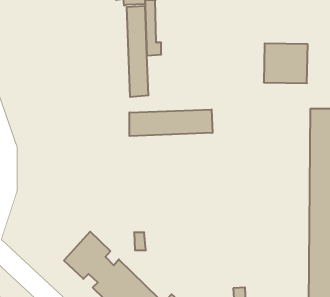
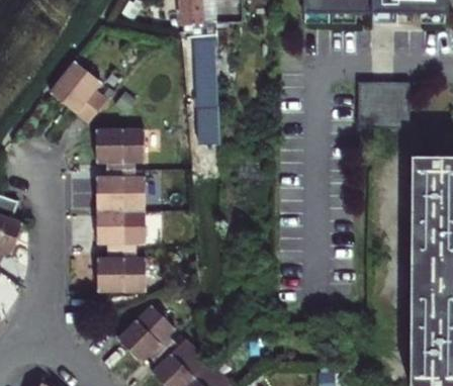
building: none -> [48,60,106,120]
building: none -> [96,128,144,291]
building: [129,109,212,136] -> none

